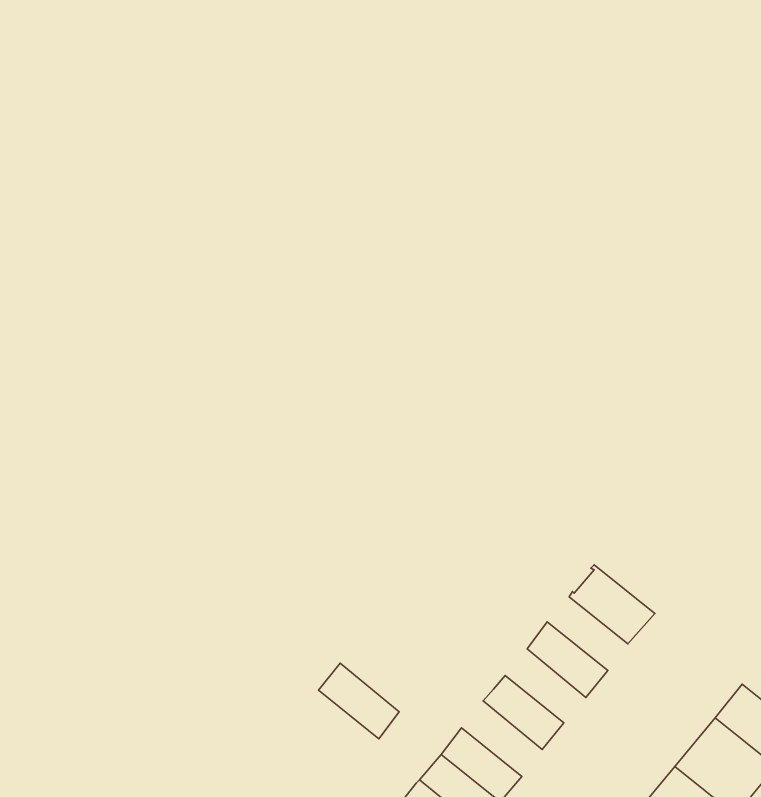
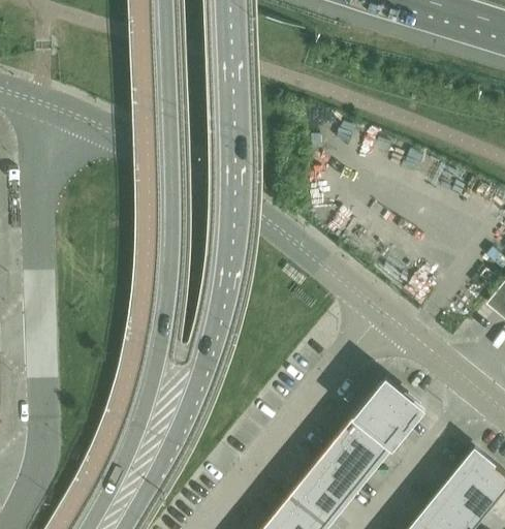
building: none -> [356,399,406,444]
building: none -> [330,431,380,476]
building: [318,663,399,739] -> [304,463,353,509]

